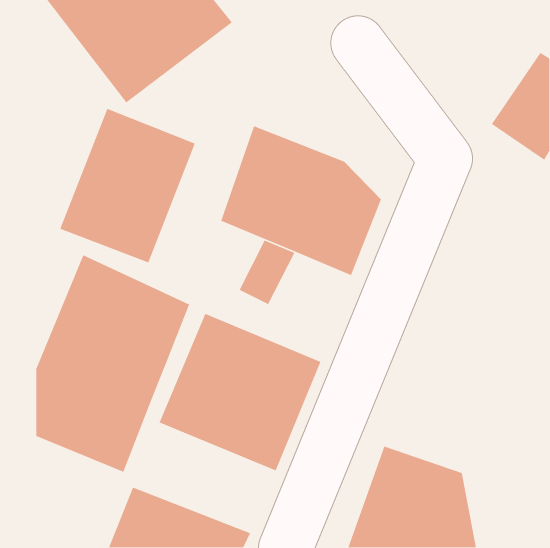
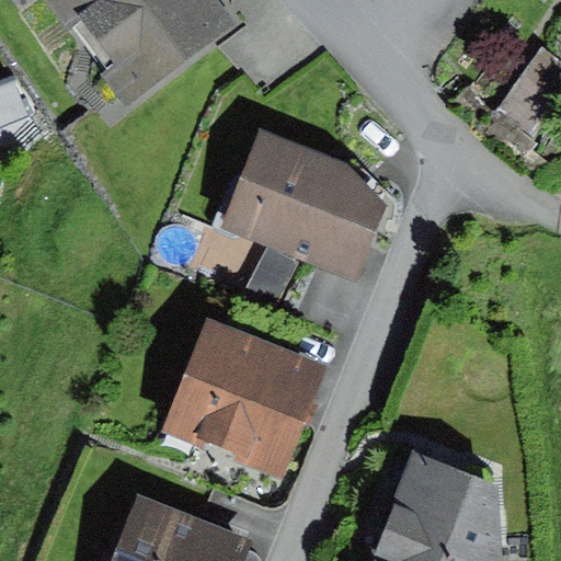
building: [59,108,196,263] -> none
building: [35,254,190,473] -> none

